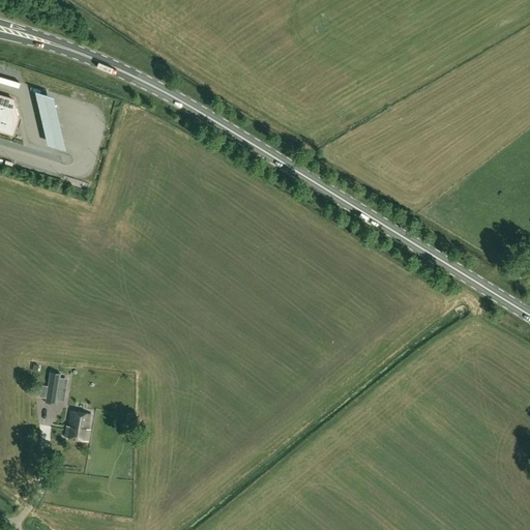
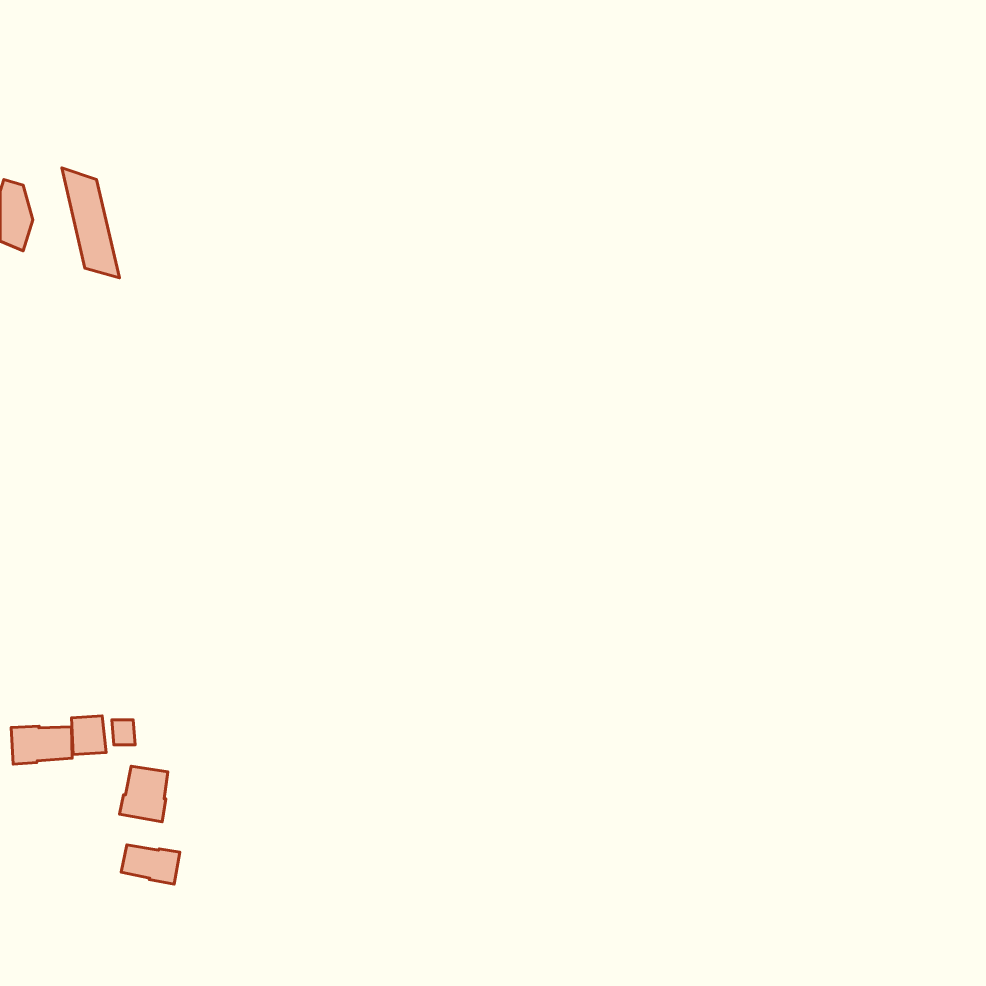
building: none -> [11,726,72,764]
building: none -> [121,845,180,884]

